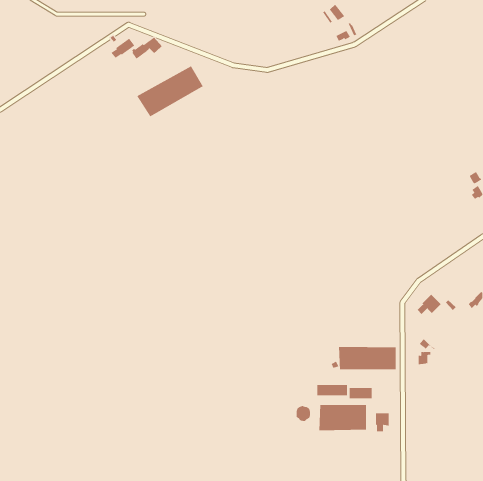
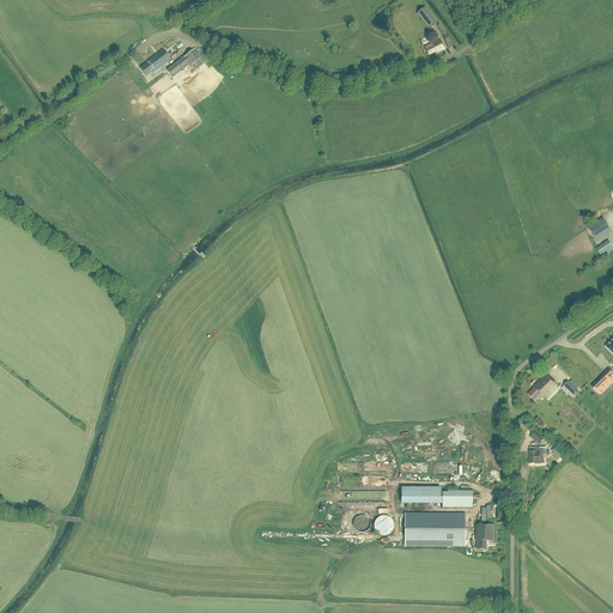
building: [136,65,203,117] -> none
building: [338,346,396,370] -> none

